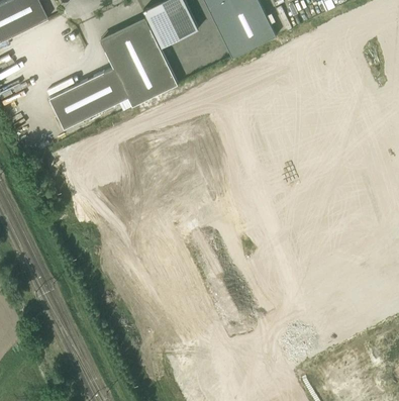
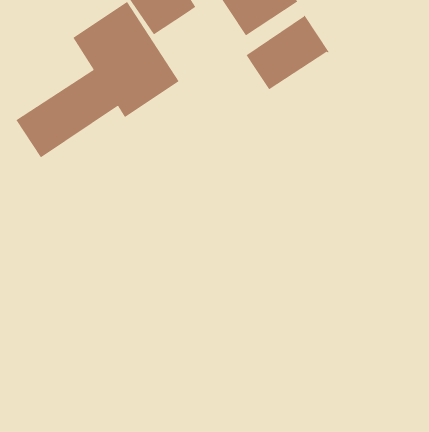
building: none -> [246,15,329,90]

